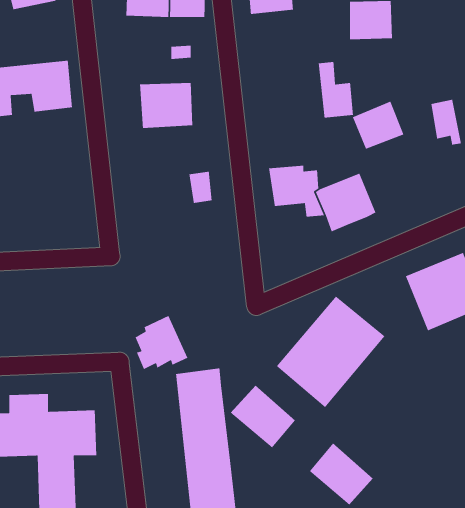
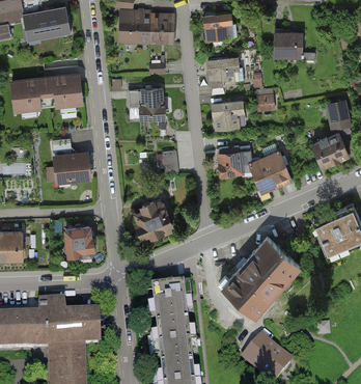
building: none -> [204,55,244,88]
building: none -> [211,101,246,133]
building: [352,100,404,150] -> [312,132,349,166]
building: none -> [51,140,90,186]
building: none -> [65,225,93,257]
building: [134,315,188,370] -> [136,198,173,237]
building: [230,385,296,449] -> none

